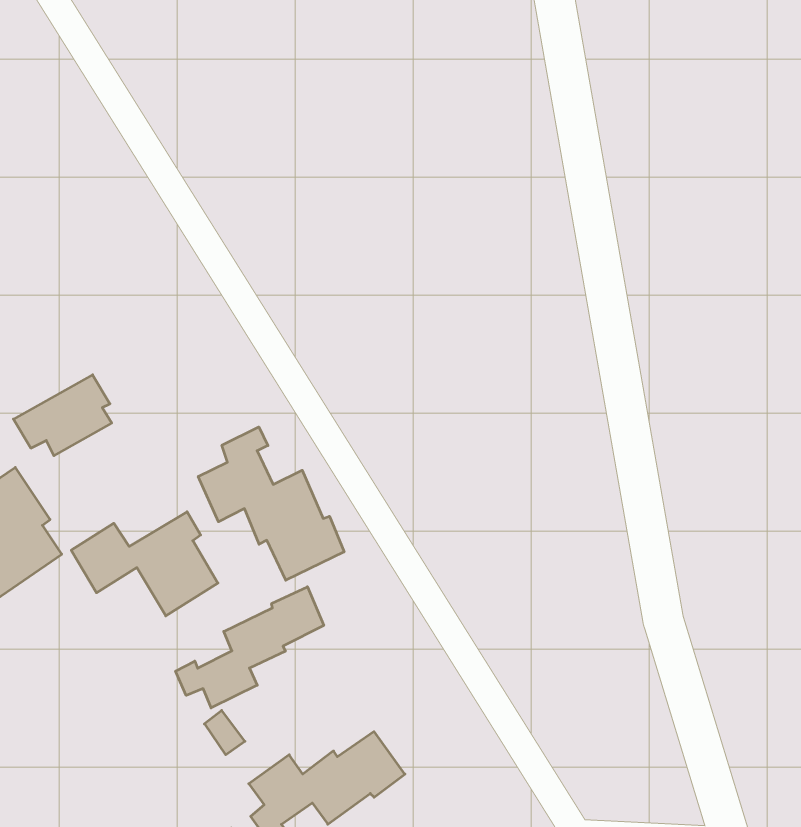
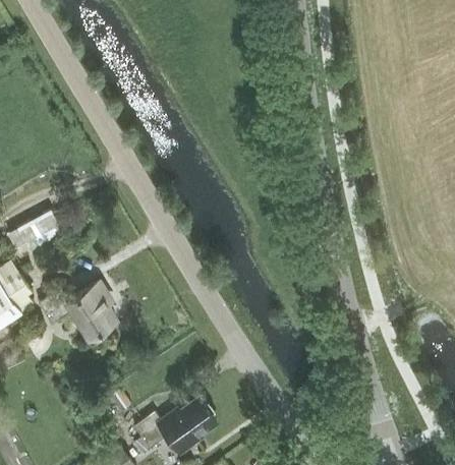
building: [198,427,344,580] -> none
building: [176,587,324,708] -> none

